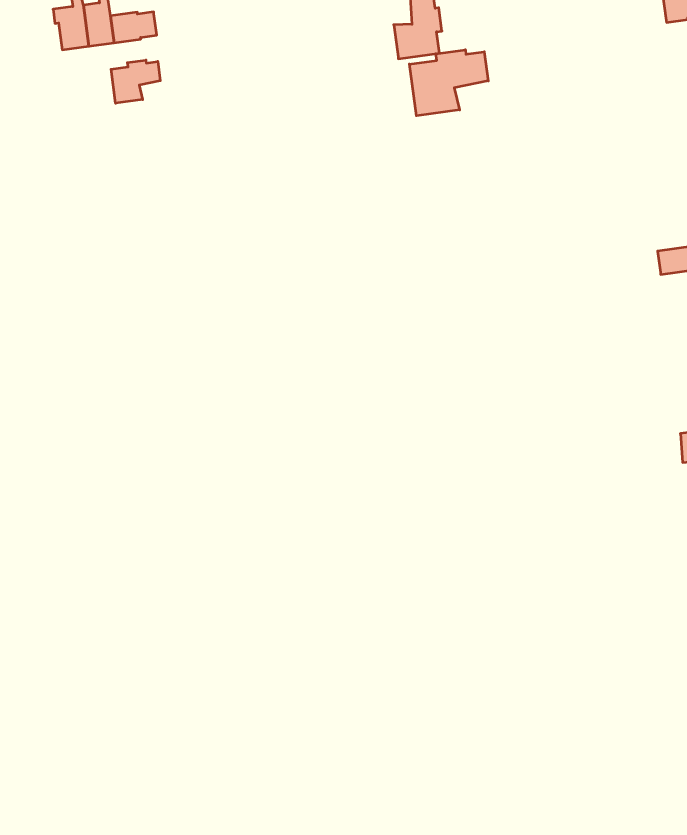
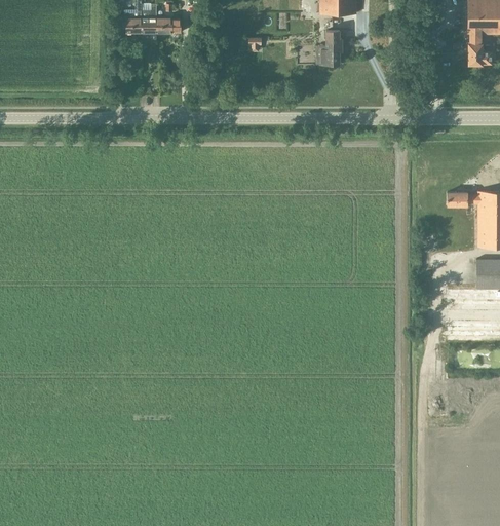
building: [409,50,488,116] -> none
building: [111,60,160,103] -> none

